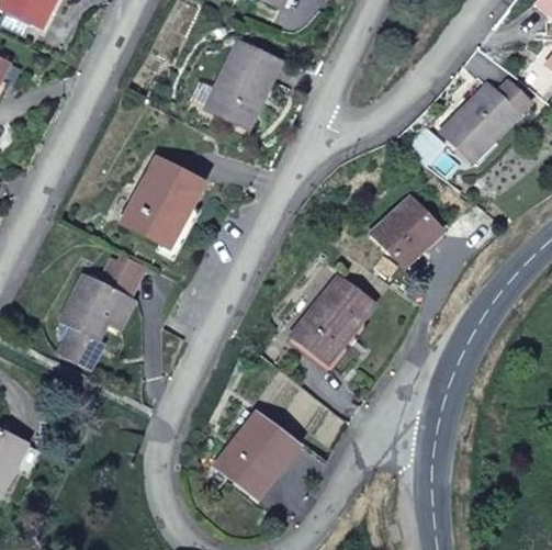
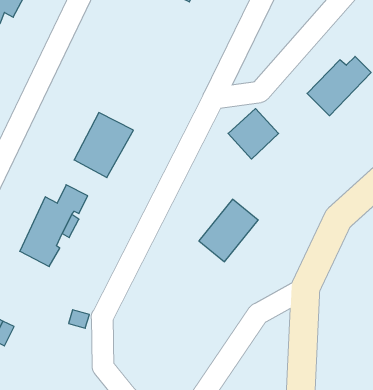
building: [204,41,282,128] -> none
building: [374,197,443,266] -> [228,109,279,159]
building: [217,413,298,495] -> none

